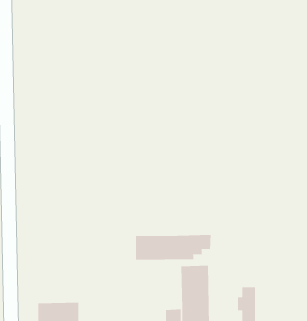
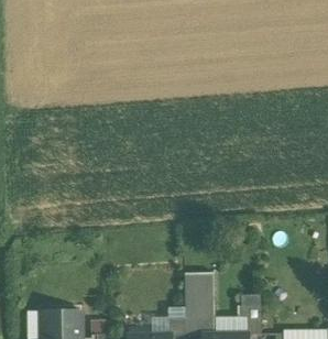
building: [135,234,211,260] -> none

